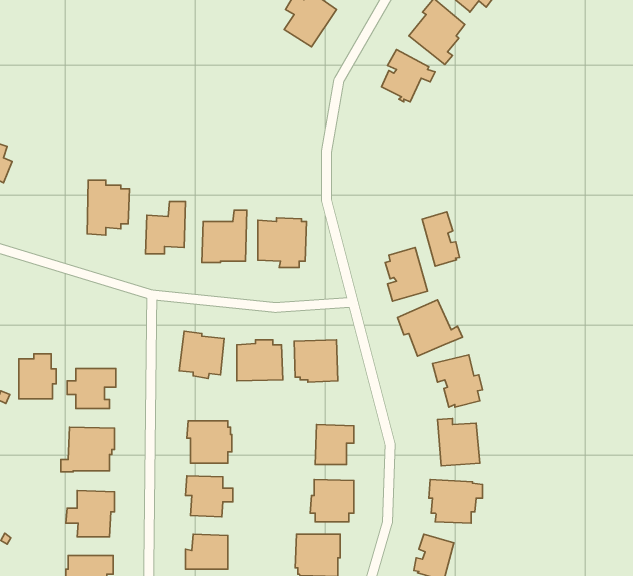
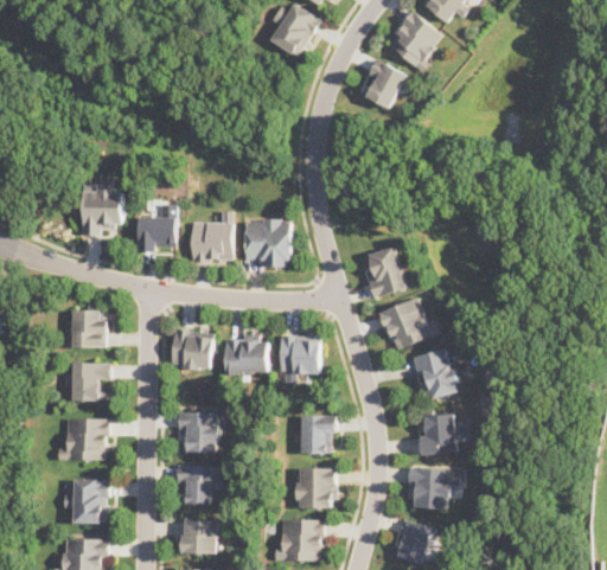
building: [422,212,459,266] -> none
building: [19,354,56,399] -> [72,306,108,348]

